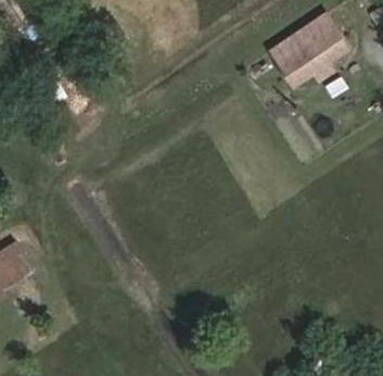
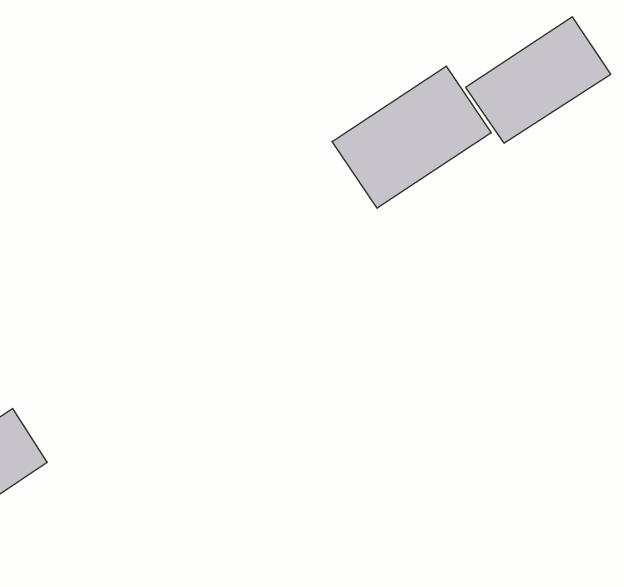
building: none -> [332,66,491,208]

